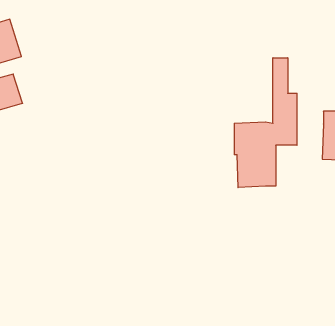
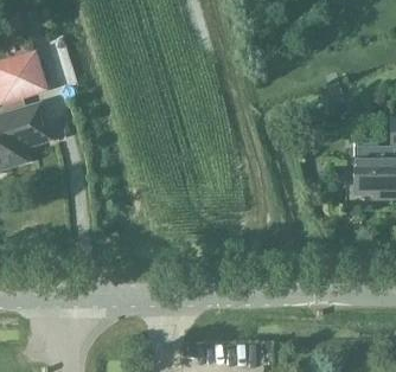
building: [234,58,297,188] -> none

